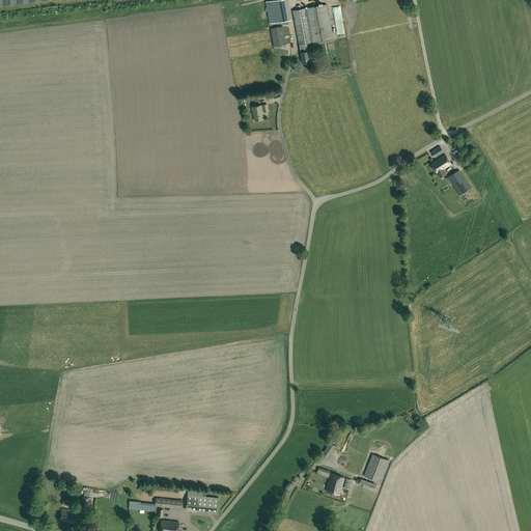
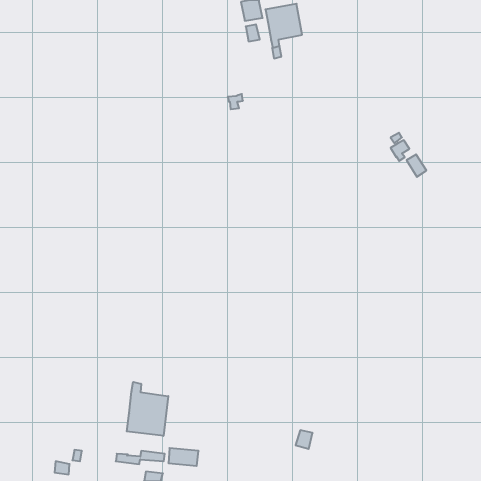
building: none -> [127,382,168,436]
building: [364,454,389,482] -> none

